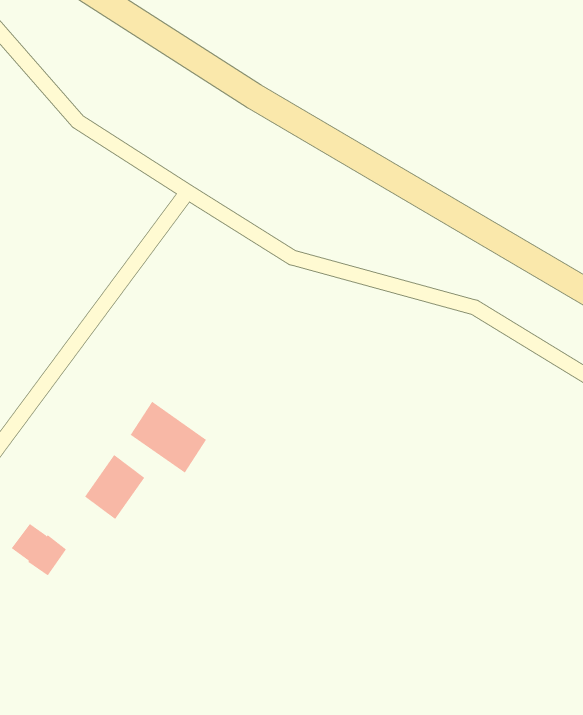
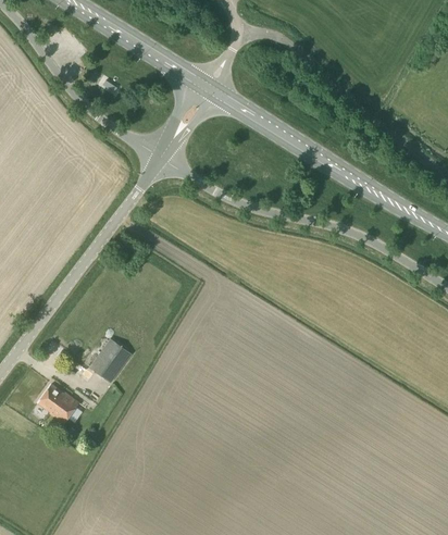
building: [130,401,207,474] -> none

